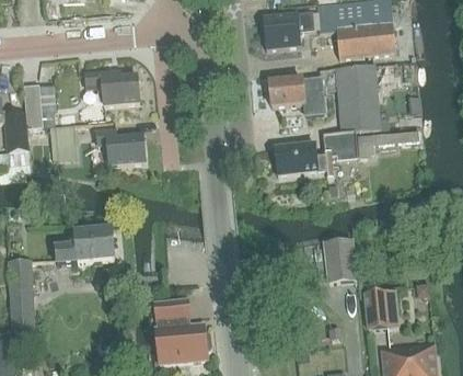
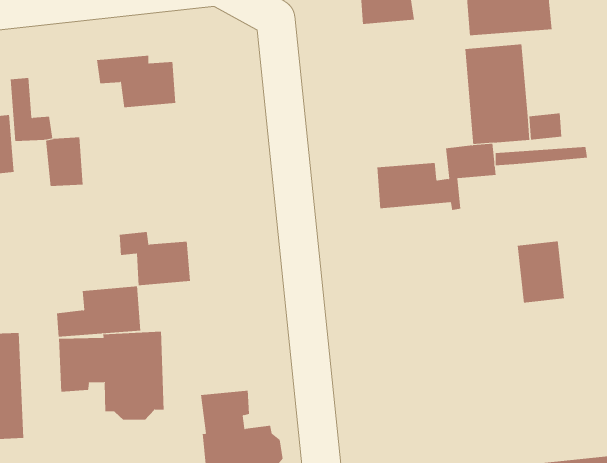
building: [268,76,324,113] -> none
building: [95,127,144,164] -> [119,231,191,286]
building: [323,238,356,281] -> [517,241,565,303]
building: none -> [59,331,164,421]
building: [364,290,397,328] -> none

